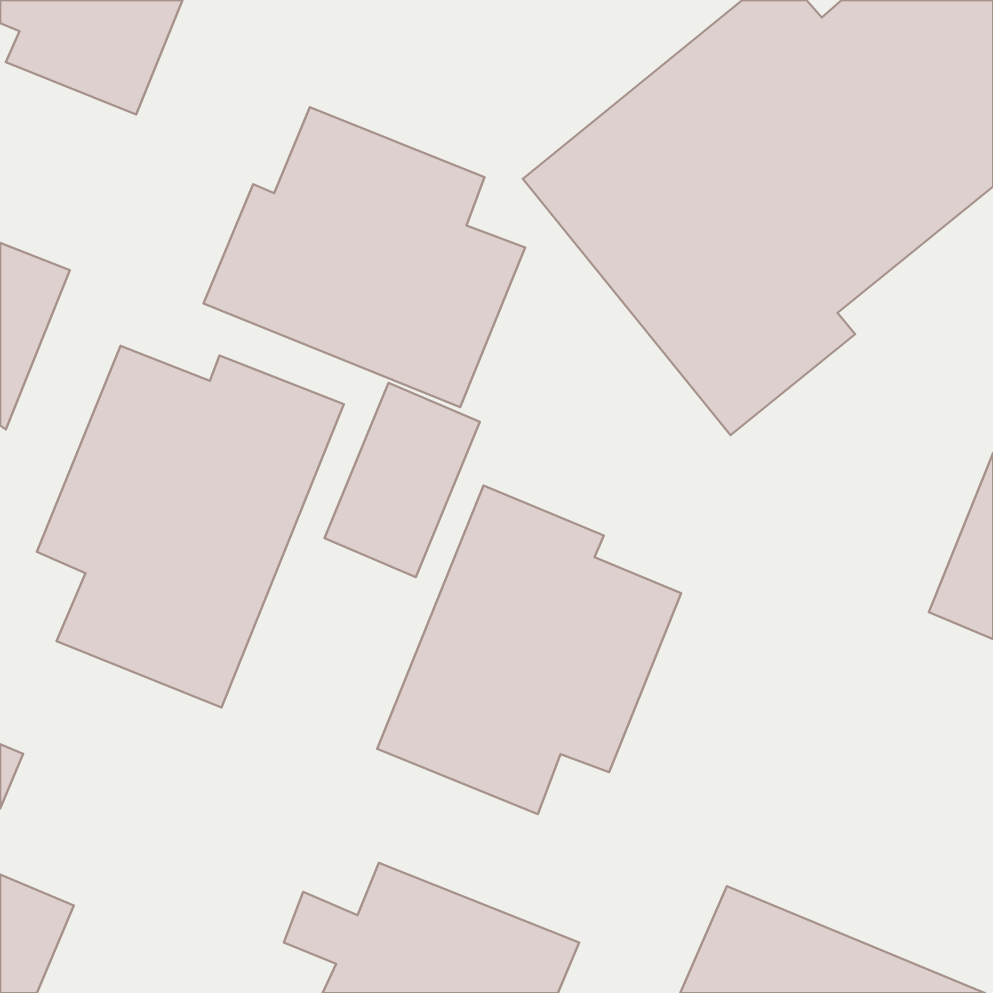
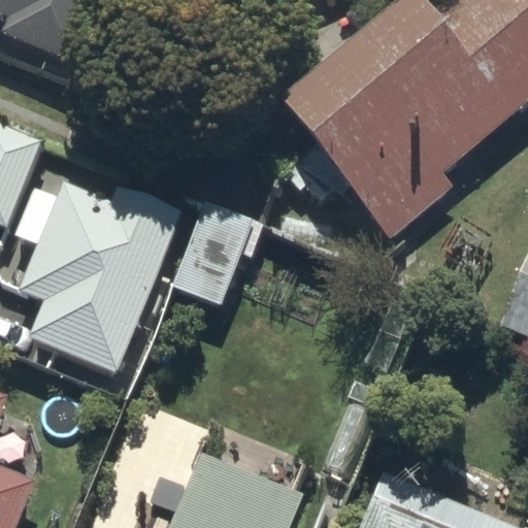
building: [203,107,525,407] -> none
building: [377,486,681,814] -> none

